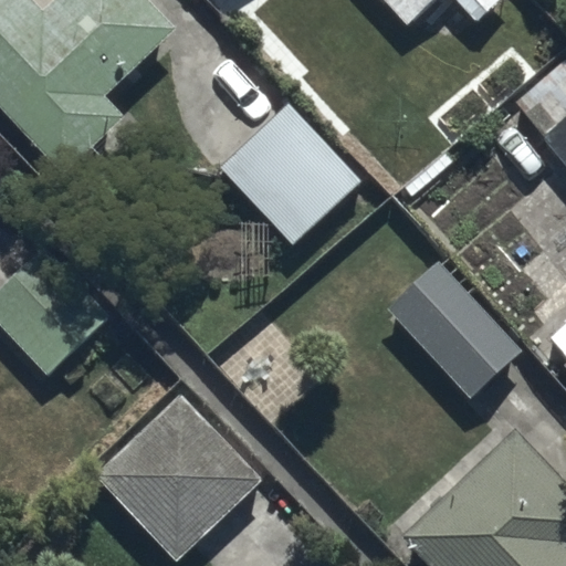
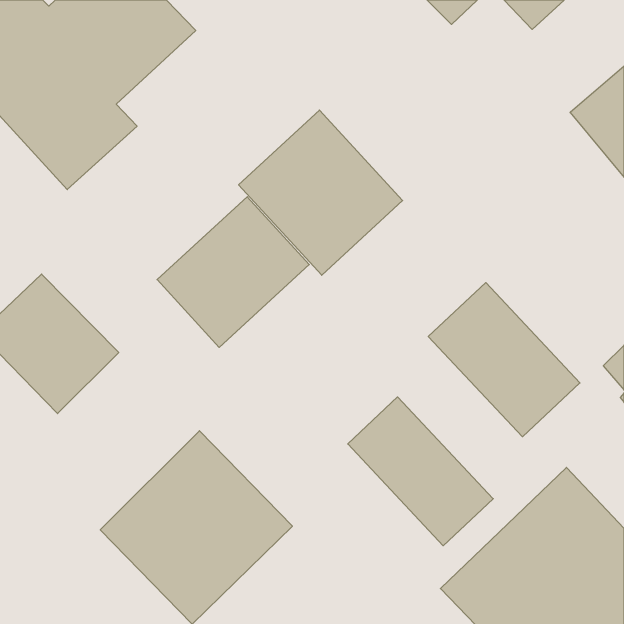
building: none -> [157,197,309,347]
building: none -> [348,397,493,546]

